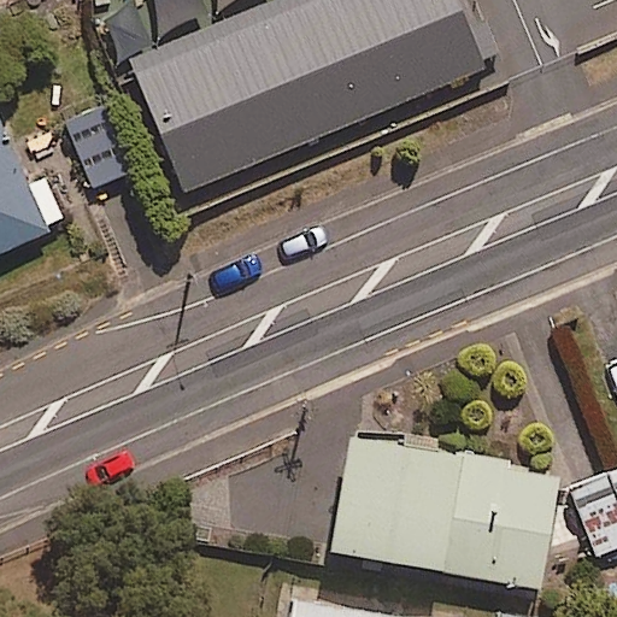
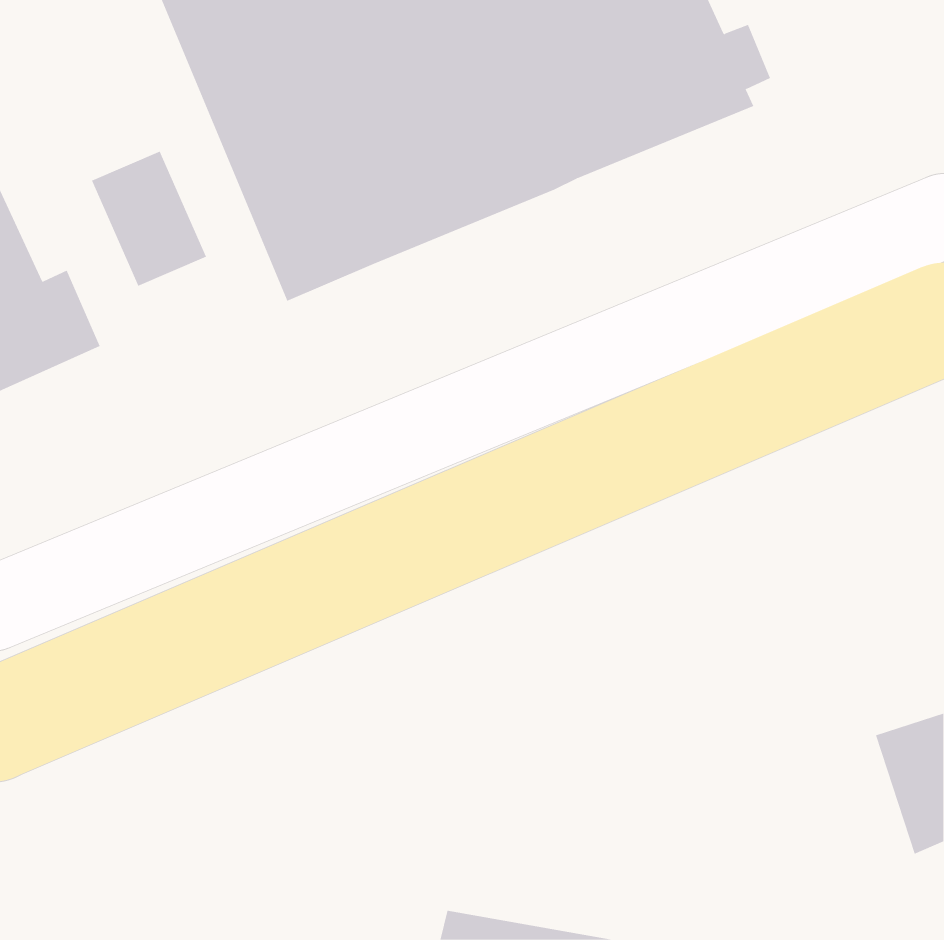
building: [328,431,559,588] -> none

